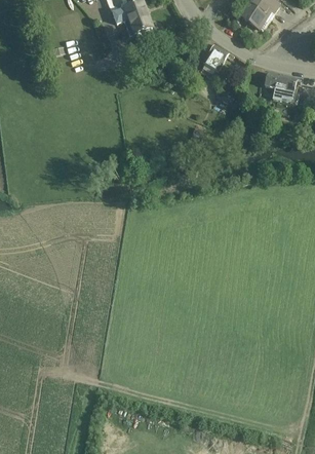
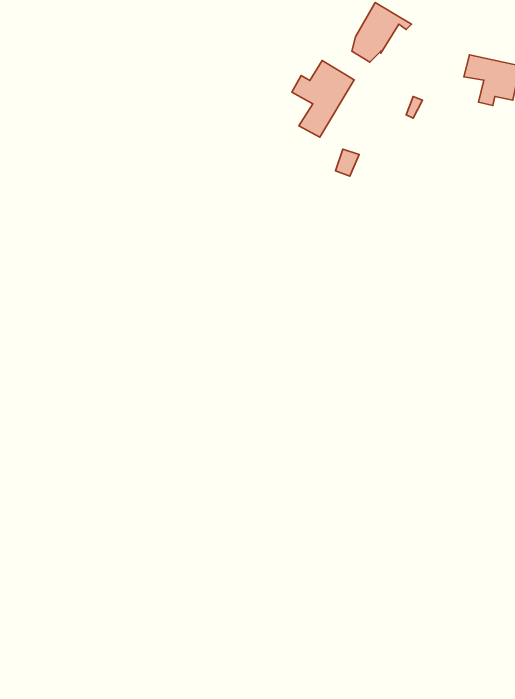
building: none -> [292,60,354,137]

